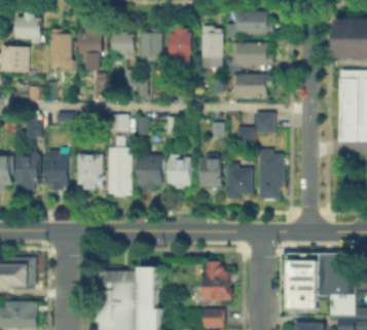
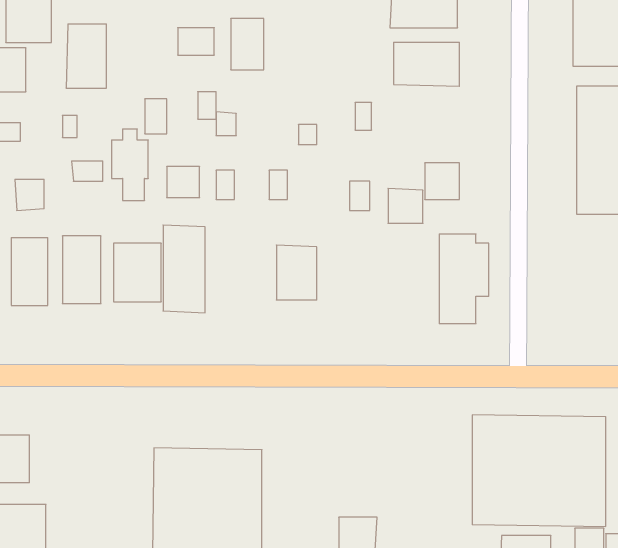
building: [81,29,102,69] -> [112,129,148,200]
building: [203,29,224,62] -> none
building: [170,33,193,65] -> none
building: [226,70,270,99] -> none
building: [140,157,162,188] -> none
building: [203,157,222,188] -> none
building: [228,168,253,198] -> none
building: [205,257,231,302] -> none

